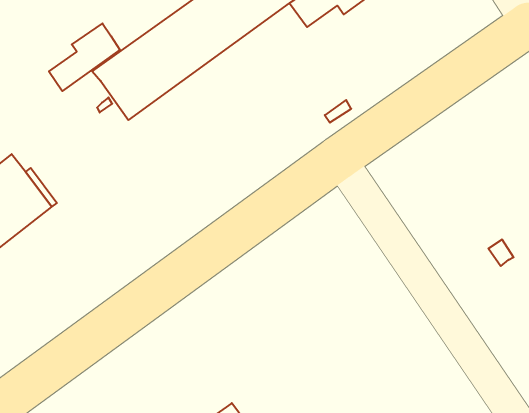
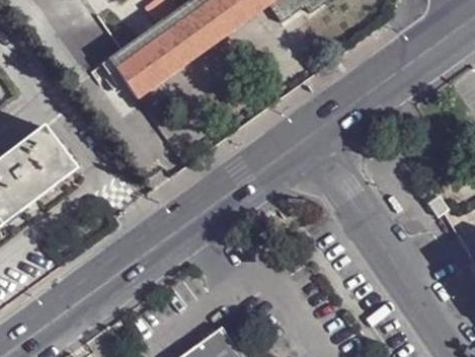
building: [49,23,120,91] -> none

